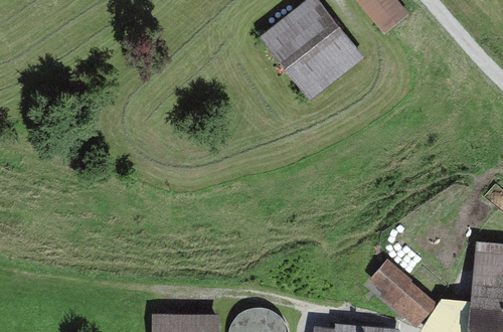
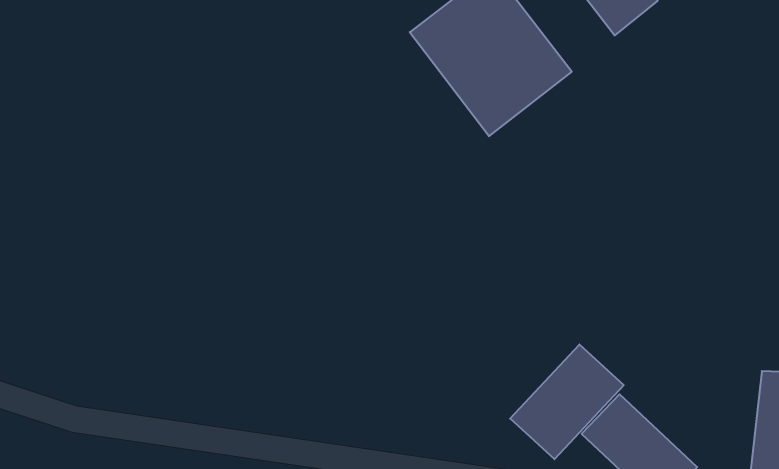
building: none -> [510,344,624,459]

